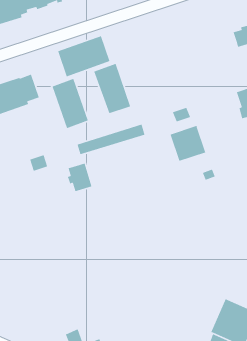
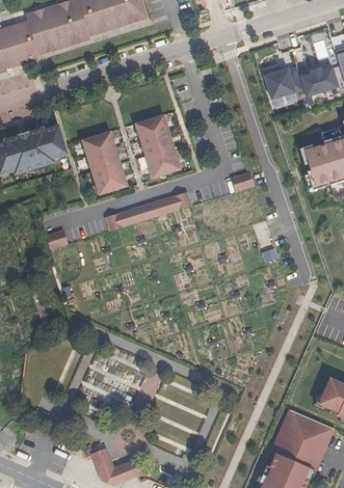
building: none -> [264,63,306,99]
building: [57,35,110,77] -> none
building: [170,125,206,162] -> none
building: [67,163,93,192] -> none

